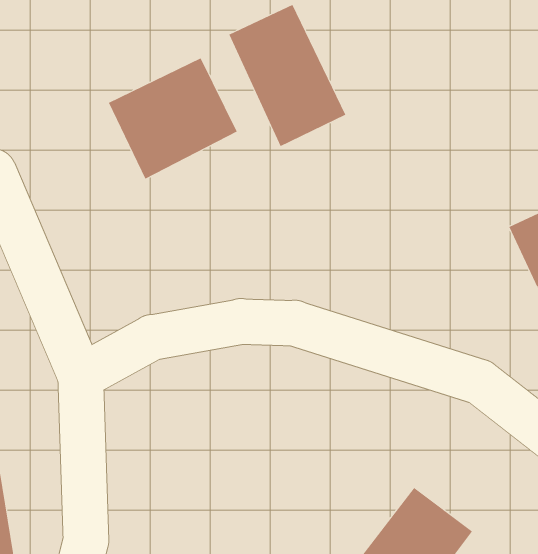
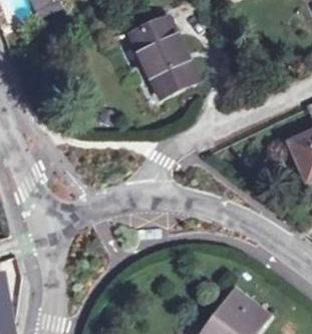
building: [108,58,238,180] -> none

